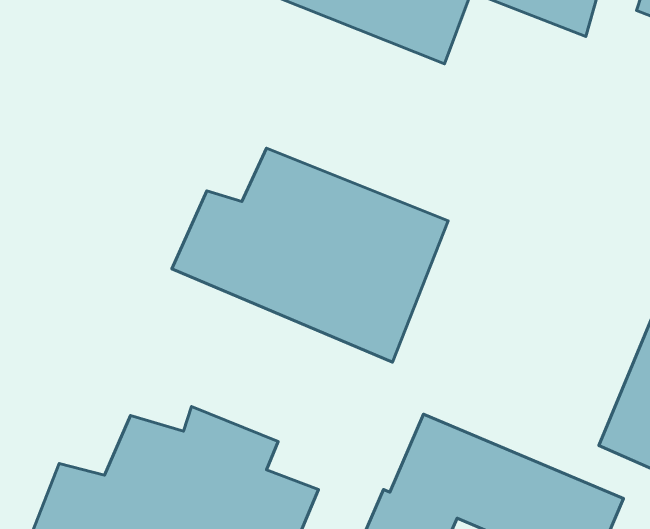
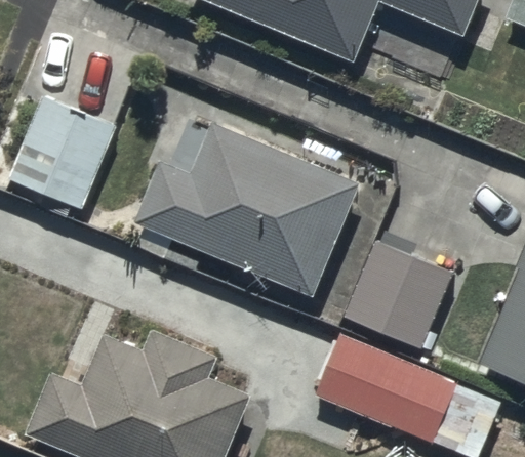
building: none -> [13,96,116,205]
building: none -> [341,238,451,348]

